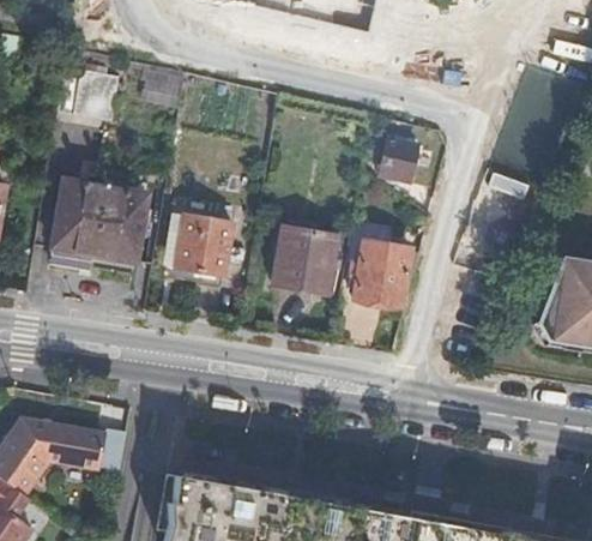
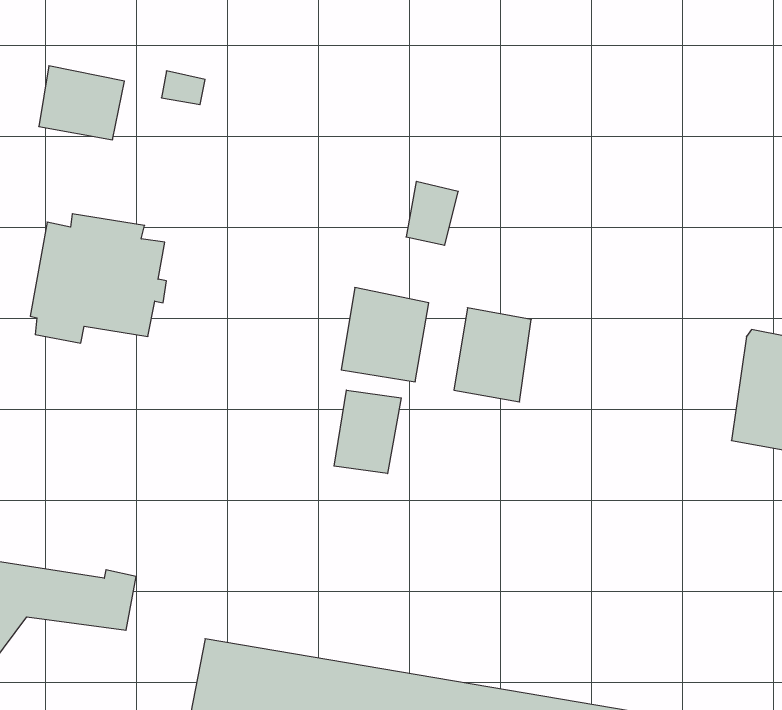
building: [380,137,417,182] -> [406,181,458,245]
building: [176,215,231,277] -> none
building: none -> [334,390,401,474]

